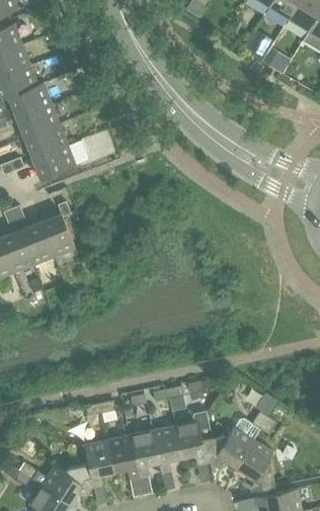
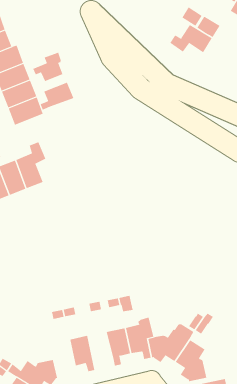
building: none -> [169,24,213,53]
building: none -> [32,52,63,82]
building: none -> [40,82,74,110]
building: [129,431,159,478] -> none
building: [83,440,113,487] -> none

